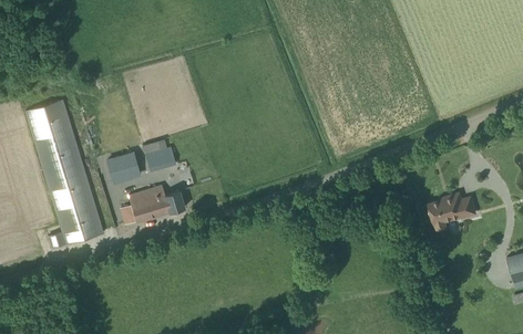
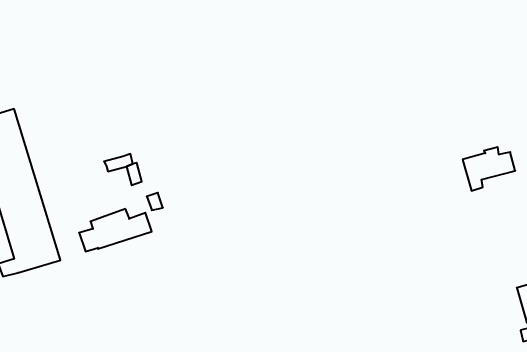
building: [107,157,140,181] -> none
building: [429,192,475,231] -> [463,147,515,191]

